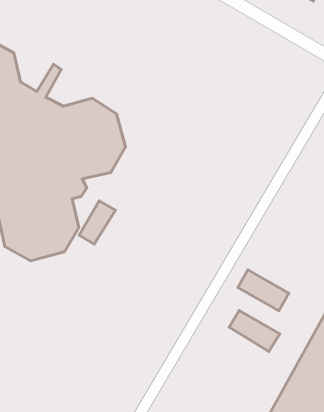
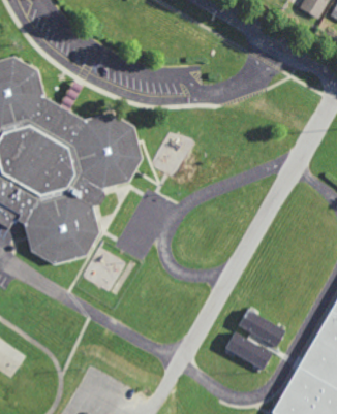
building: [79,201,116,244] -> none
building: [238,270,289,311] -> [224,333,272,372]

